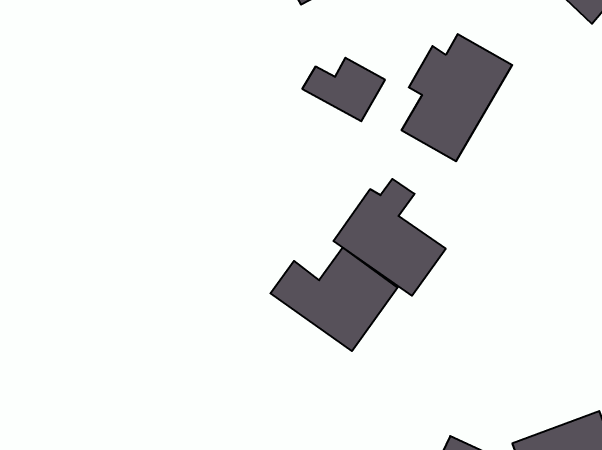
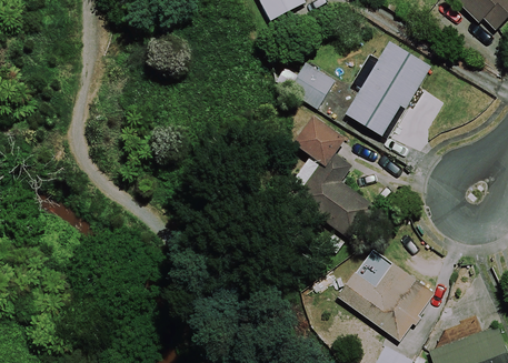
building: none -> [297,112,349,163]
building: [270,248,398,351] -> [337,262,432,340]

